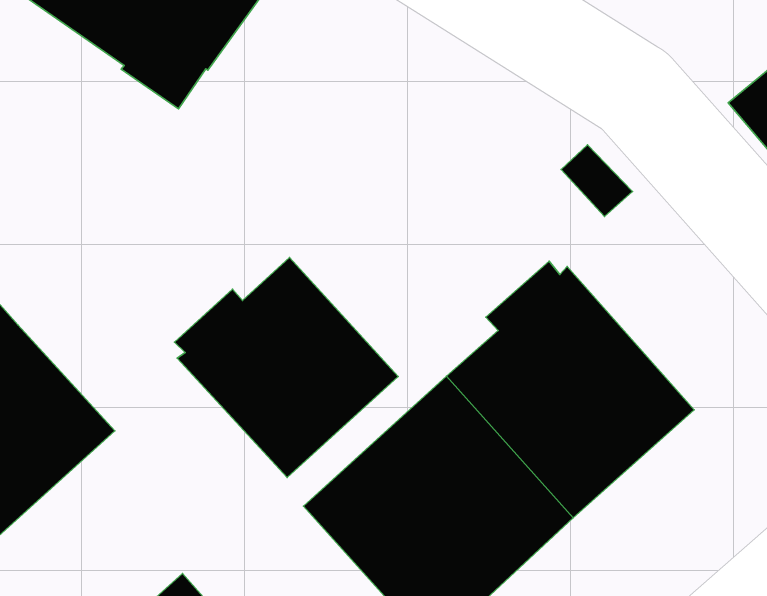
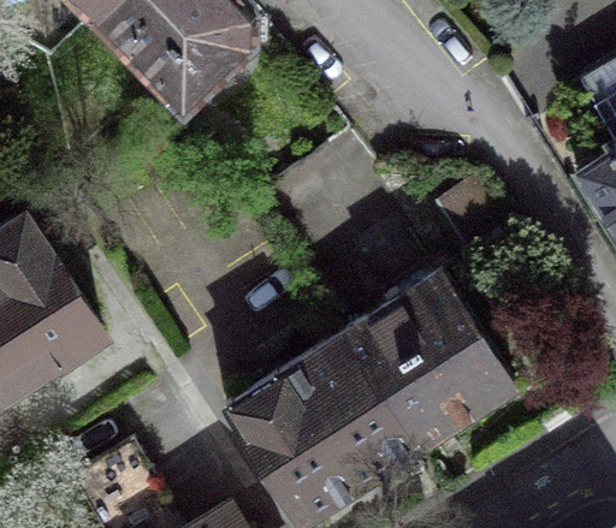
building: [175,257,398,478] -> none

